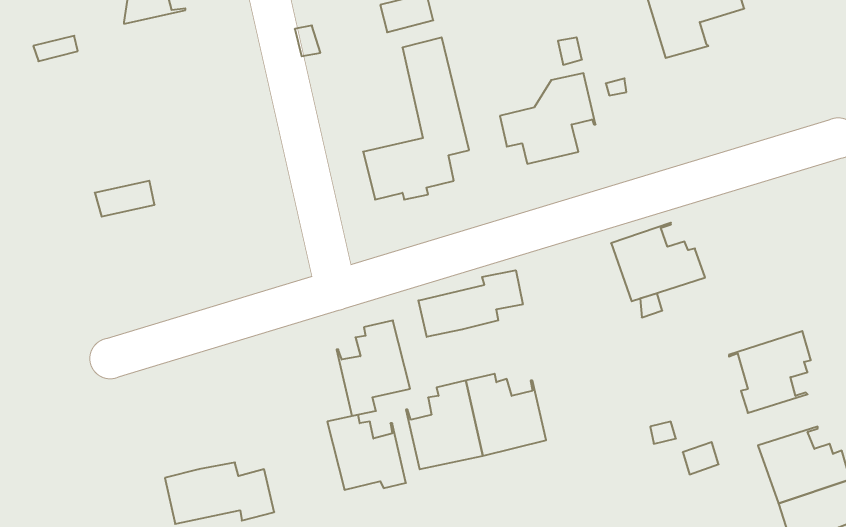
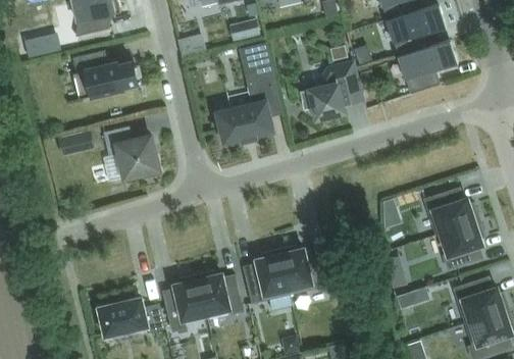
building: none -> [398,40,456,94]
building: none -> [72,51,138,99]
building: none -> [103,126,159,177]
building: [611,223,705,301] -> [423,188,479,235]
building: [418,270,523,337] -> none
building: [337,320,410,416] -> [162,274,206,331]

